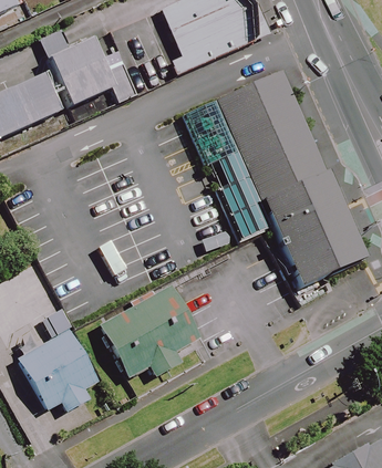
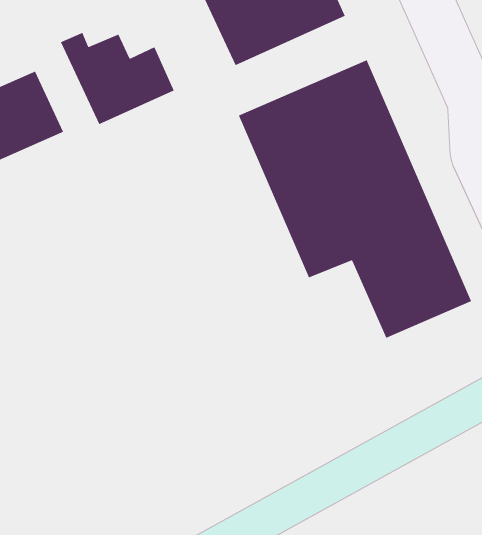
building: [103,287,198,372] -> none
building: [13,329,96,412] -> none

